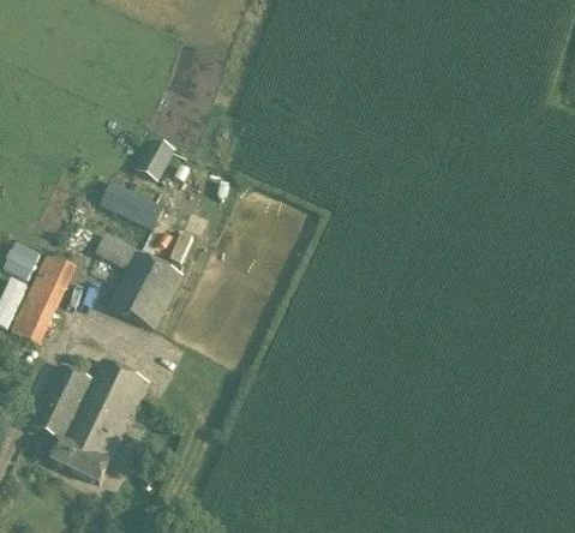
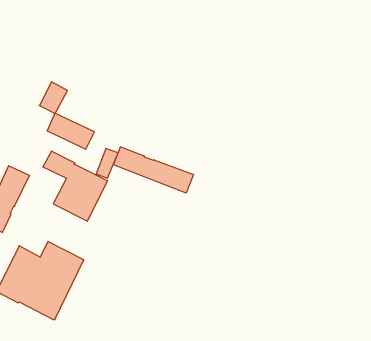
building: [137,136,175,179] -> [39,82,67,113]
building: none -> [114,147,194,193]
building: [53,438,109,481] -> none

